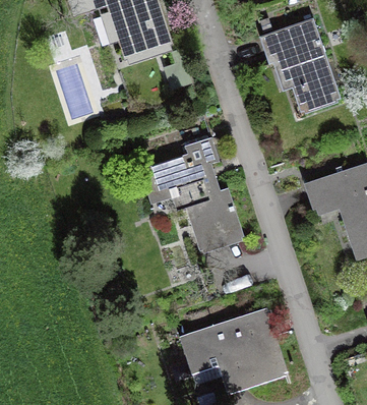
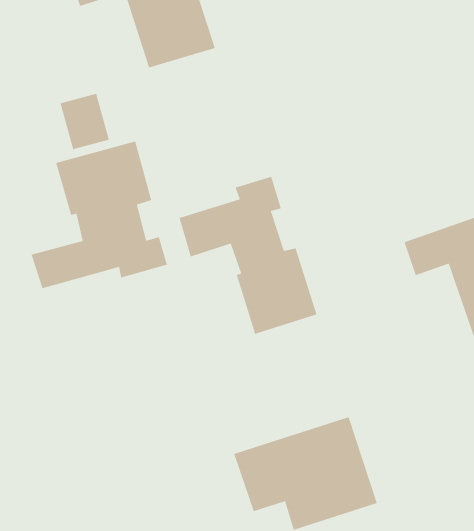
building: [260,19,341,113] -> none
building: none -> [31,141,168,289]

